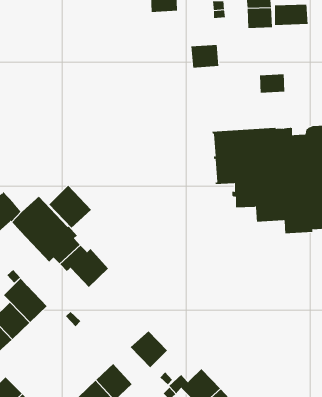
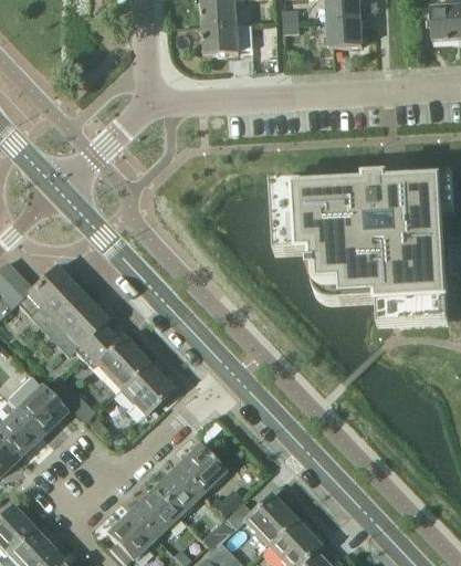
building: [275,4,308,26] -> none
building: [191,45,219,68] -> [203,22,241,53]
building: [259,73,285,94] -> none
building: [49,185,92,228] -> none
building: none -> [122,361,174,412]
building: none -> [154,465,202,514]

